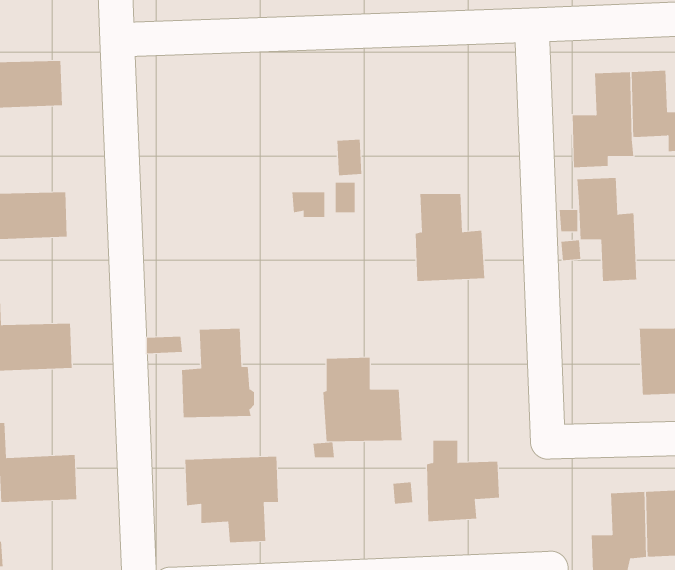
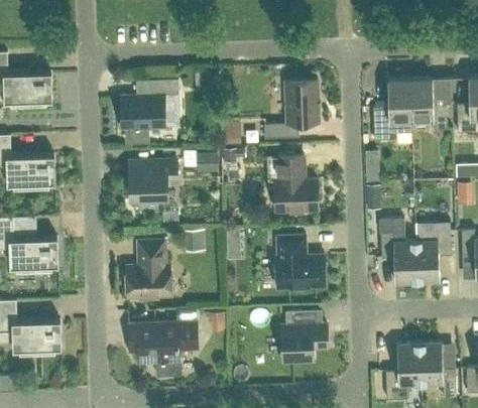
building: none -> [121,79,178,142]
building: none -> [264,80,319,138]
building: [576,177,637,282] -> [379,218,417,283]
building: none -> [129,159,177,209]
building: [323,357,403,442] -> [275,234,326,287]

